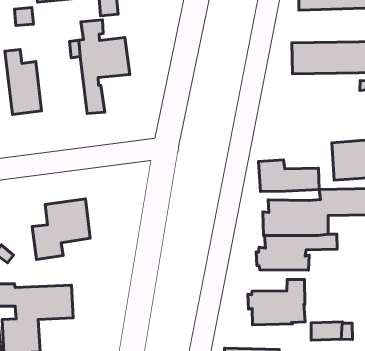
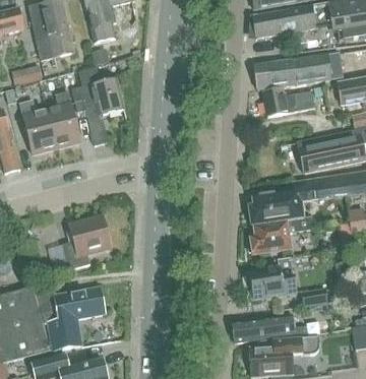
building: none -> [46,90,80,147]
building: [258,160,319,192] -> [261,86,314,115]

